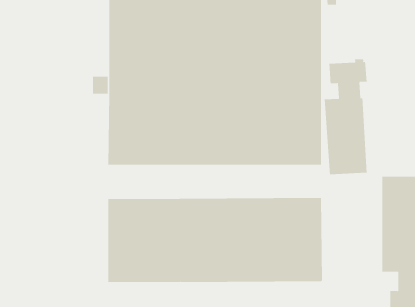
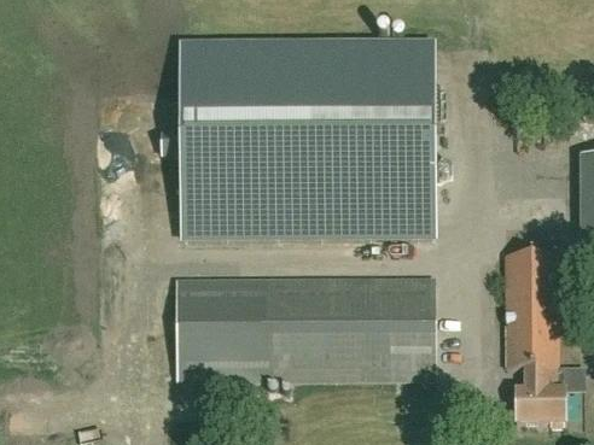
building: [324,59,367,175] -> none

